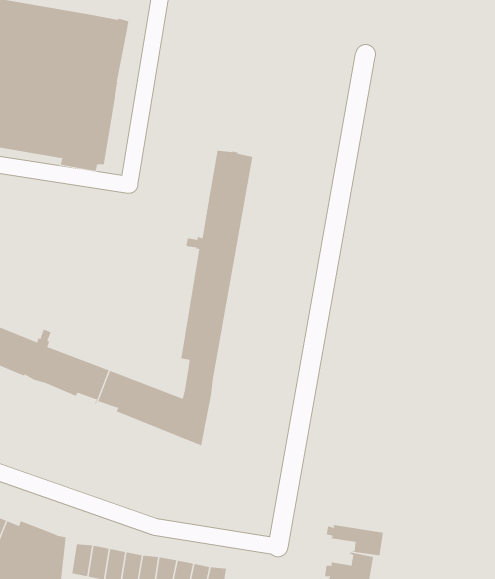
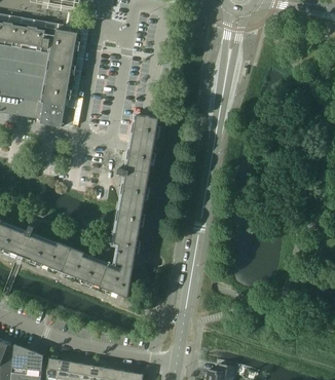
building: [326,524,383,556] -> none

